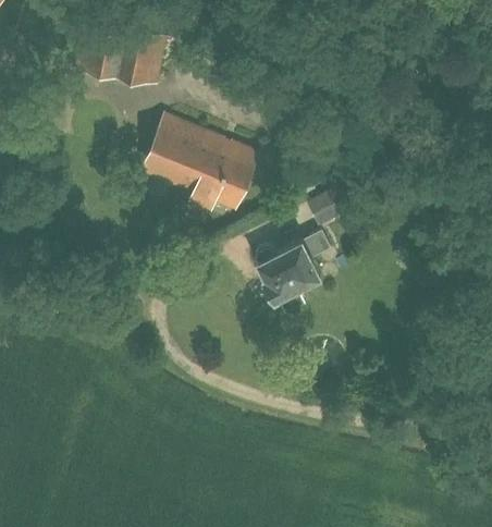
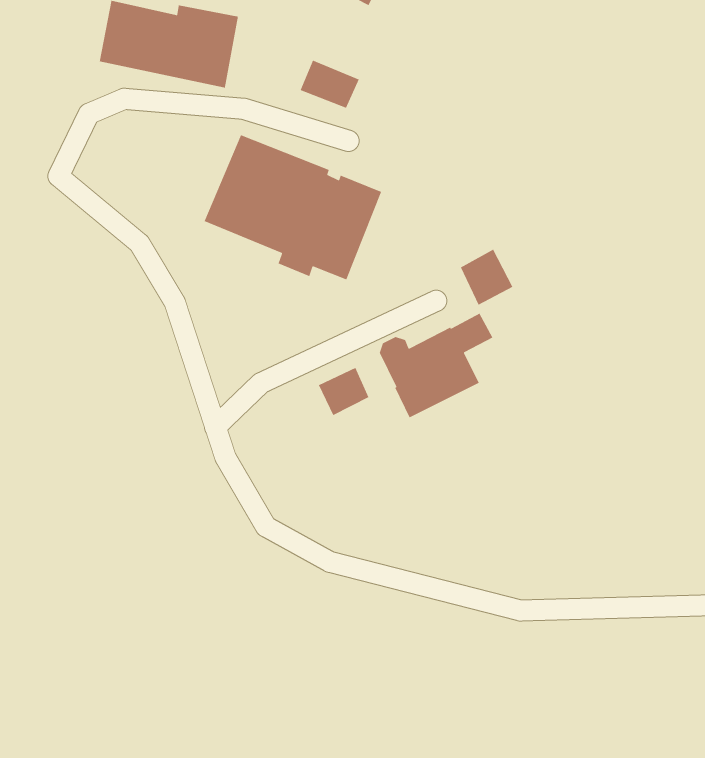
building: none -> [299,59,360,109]
building: none -> [318,367,370,416]

